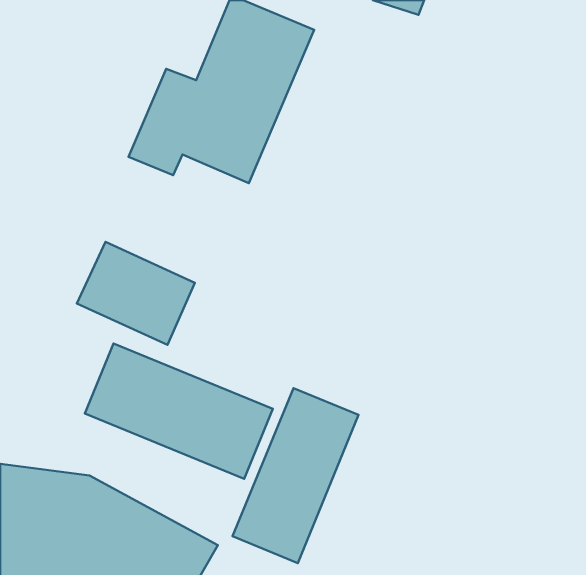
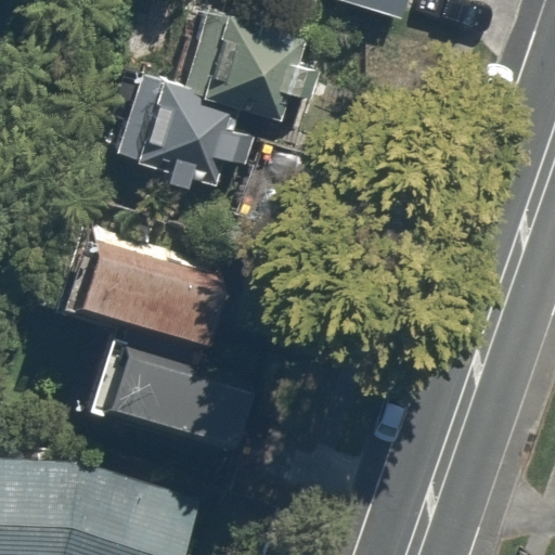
building: [233,388,359,563] -> none

